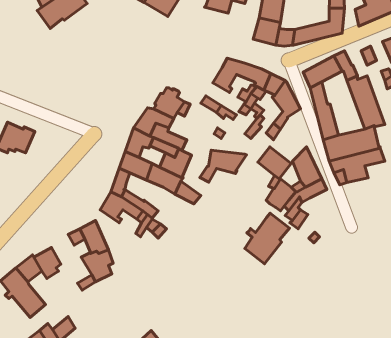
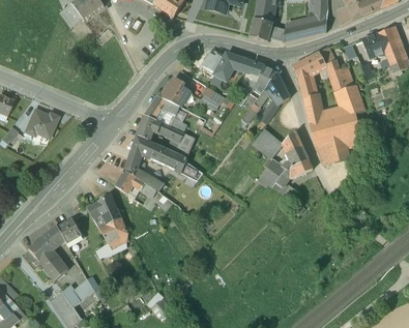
building: [200,150,247,182] -> none
building: [245,213,290,264] -> none

